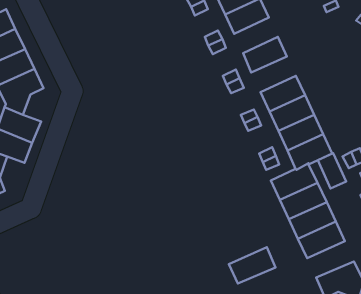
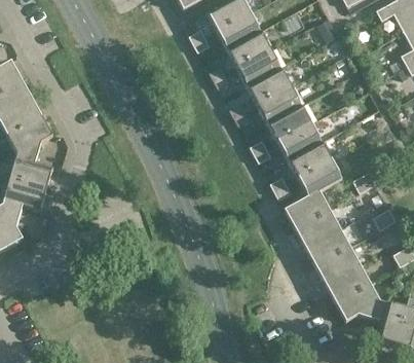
building: none -> [237,49,280,86]
building: none -> [257,86,301,123]
building: [318,153,346,189] -> none
building: [229,247,276,284] -> [325,264,371,302]

